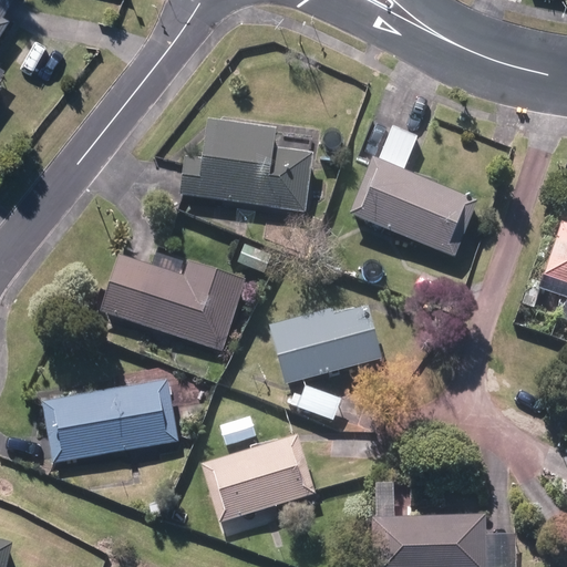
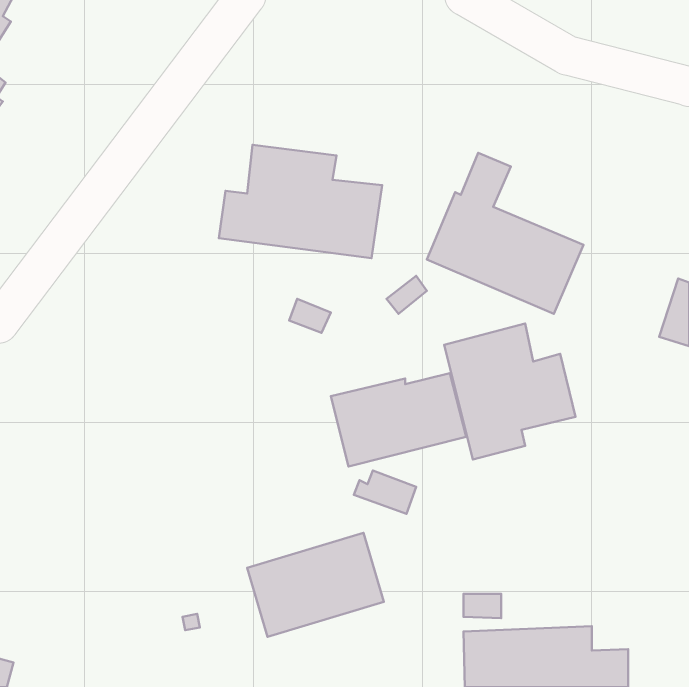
building: [101,255,246,351] -> none
building: none -> [444,324,575,459]
building: [43,381,178,462] -> none

